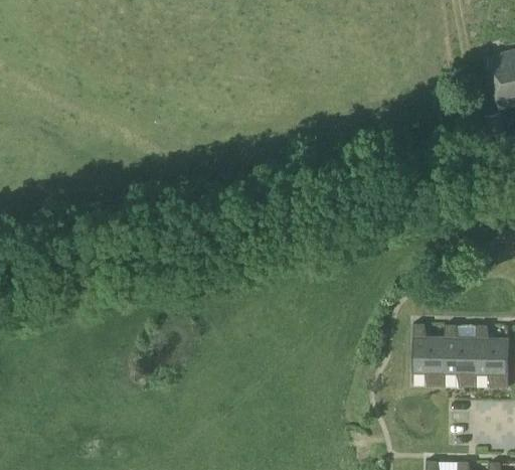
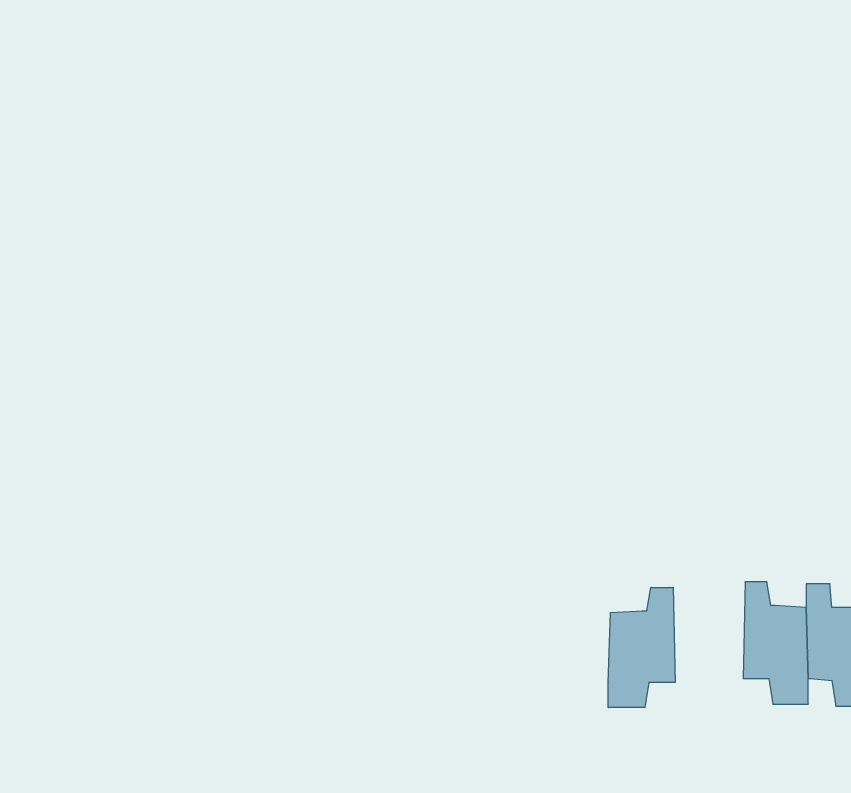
building: none -> [608,587,675,708]

